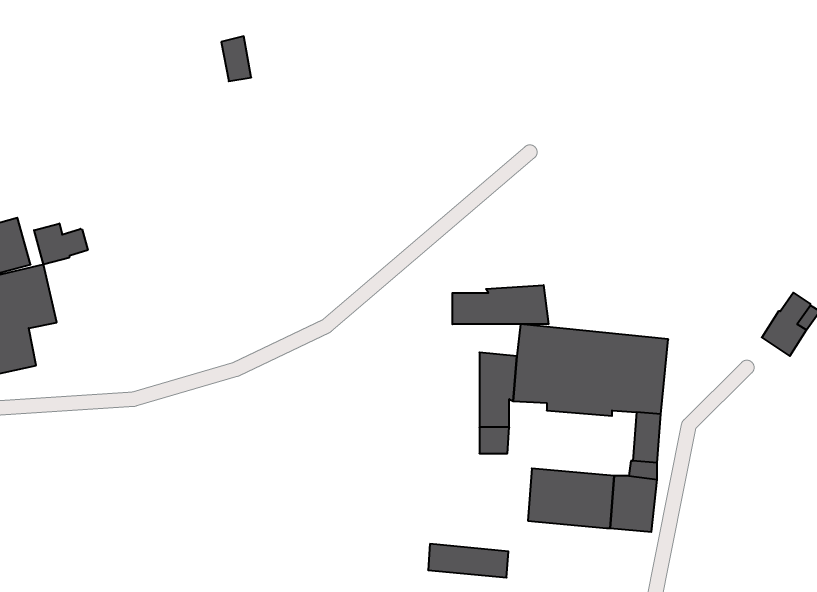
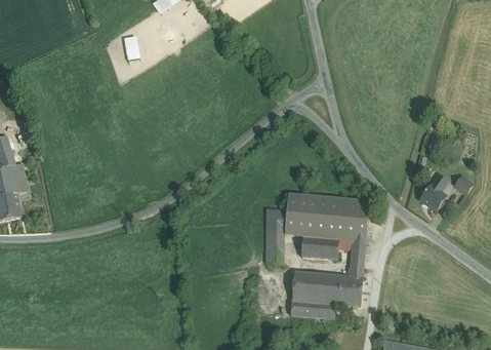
building: [34,223,88,264] -> none
building: [452,285,548,324] -> none
building: none -> [299,240,337,260]
building: [428,544,508,578] -> [290,301,334,319]

